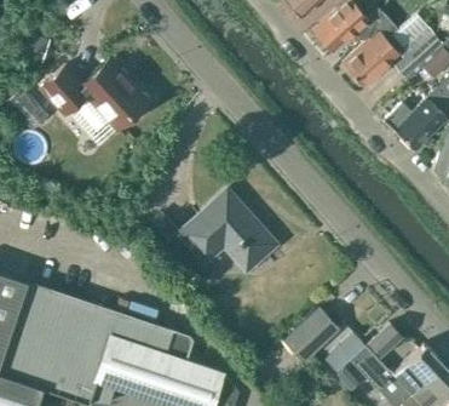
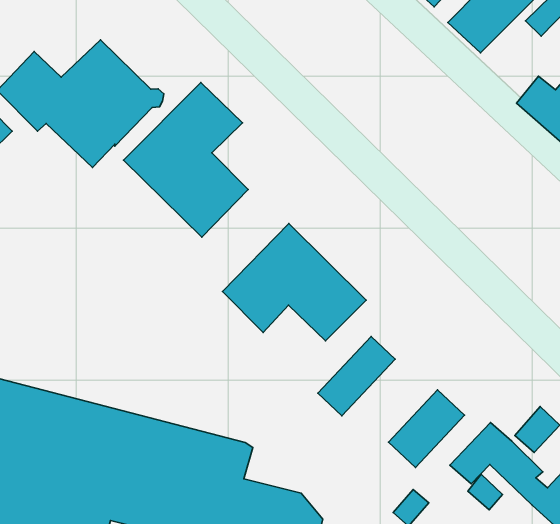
building: none -> [124,82,248,237]
building: none -> [318,337,395,416]

